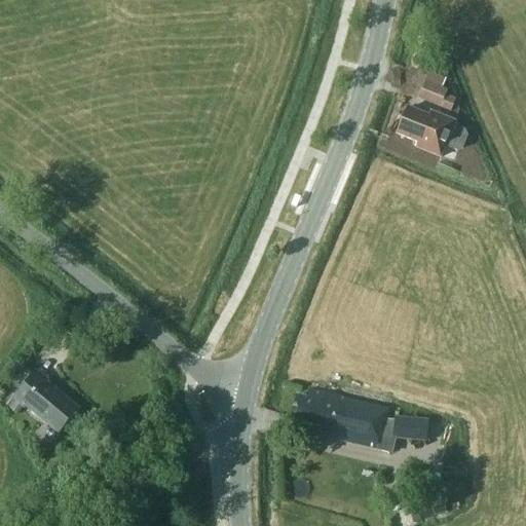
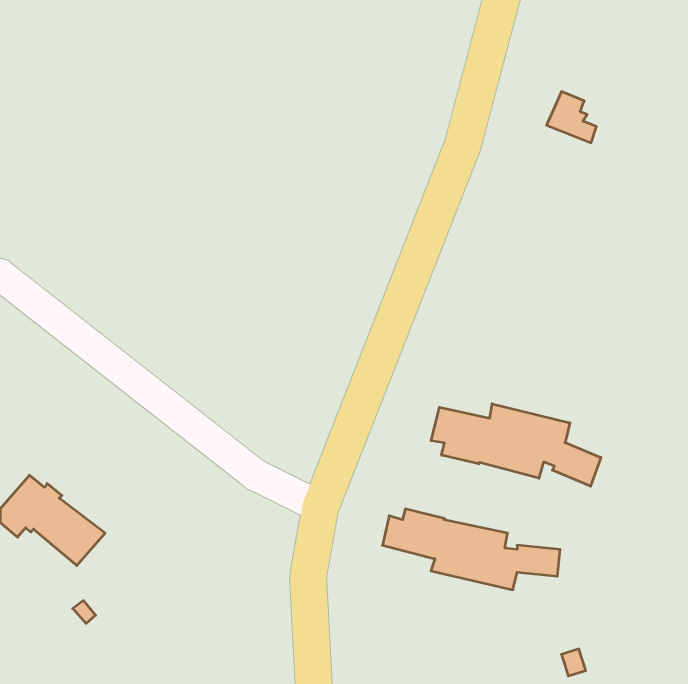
building: [398,106,467,155] -> none
building: none -> [431,404,601,486]

